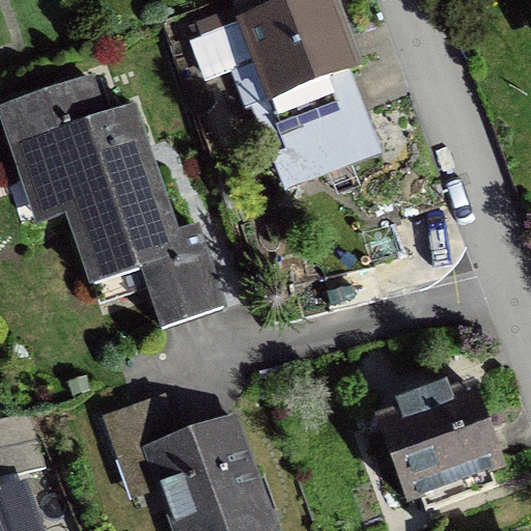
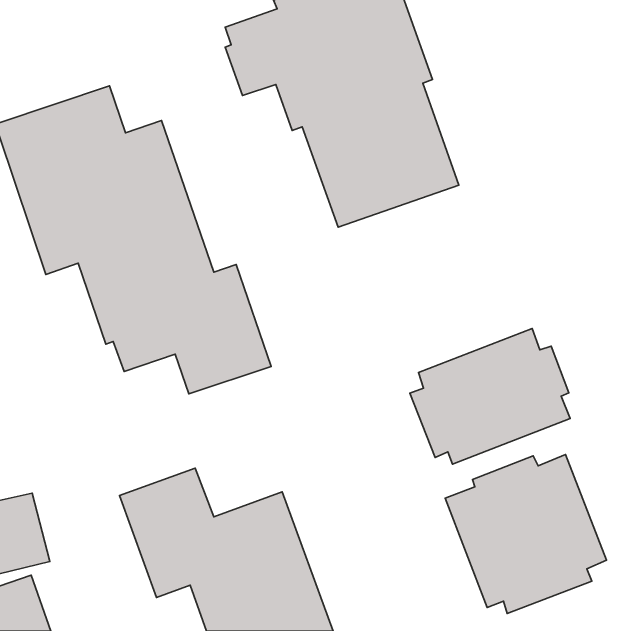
building: none -> [410,329,570,464]

